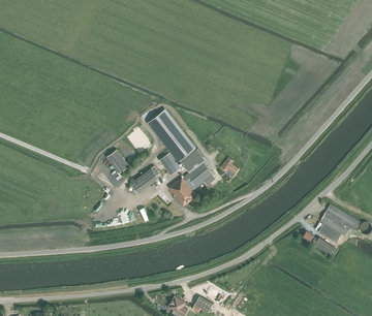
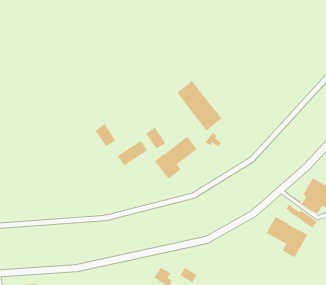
building: [149,109,195,162] -> [177,80,222,131]
building: none -> [266,216,308,258]

